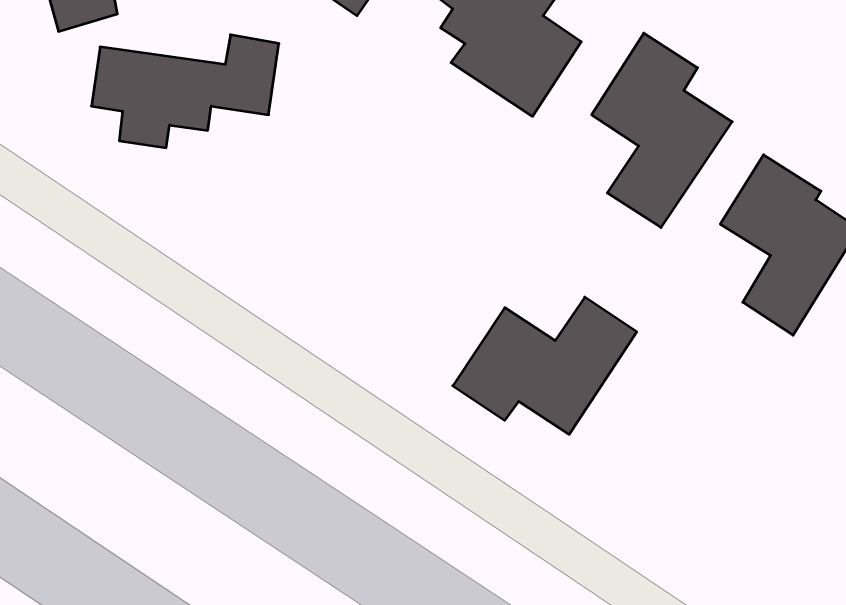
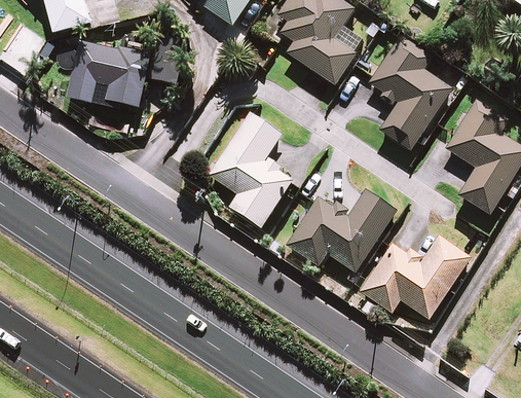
building: none -> [209,113,291,227]
building: none -> [360,237,470,318]

